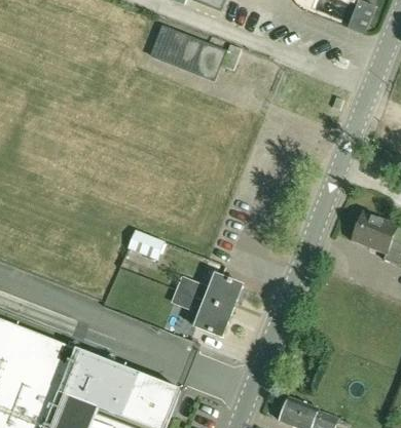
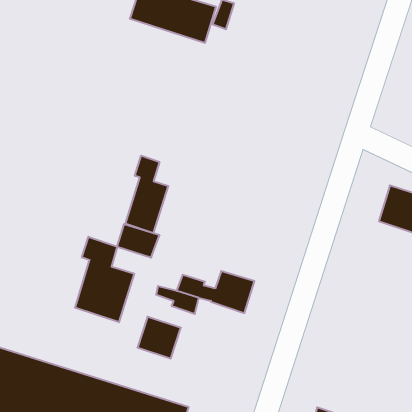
building: none -> [125,156,168,233]
building: none -> [75,237,134,322]
building: [194,301,232,338] -> [137,317,181,359]

